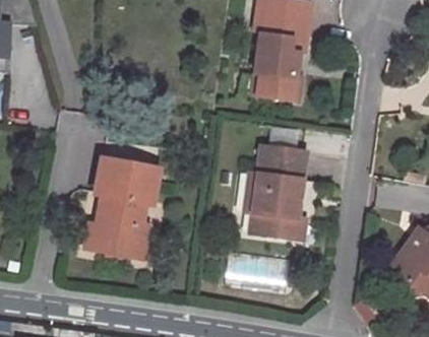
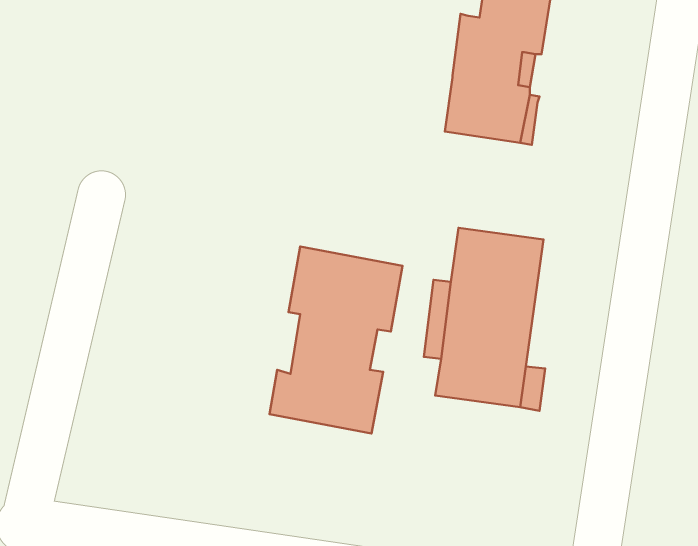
building: [87,162,158,261] -> [269,247,402,434]

